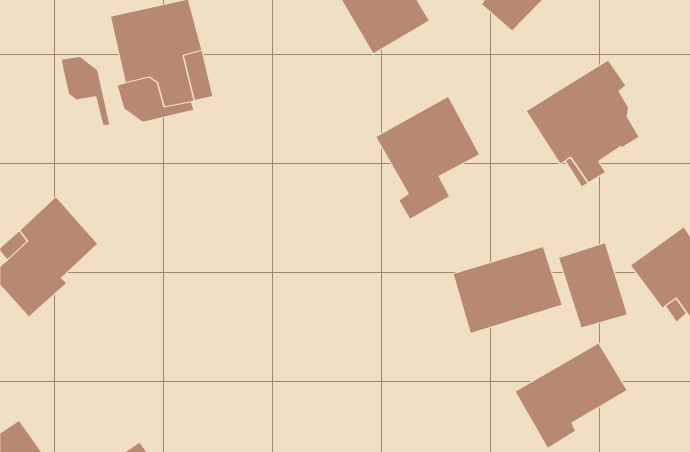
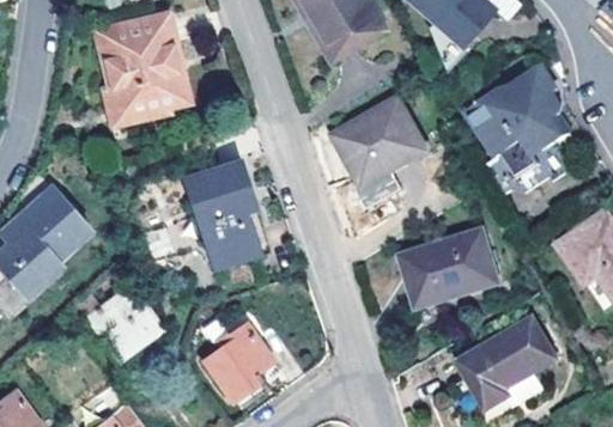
building: [61,56,110,126] -> none
building: none -> [189,161,273,264]
building: [559,242,627,328] -> none
building: none -> [87,288,162,361]
building: none -> [205,323,274,401]

